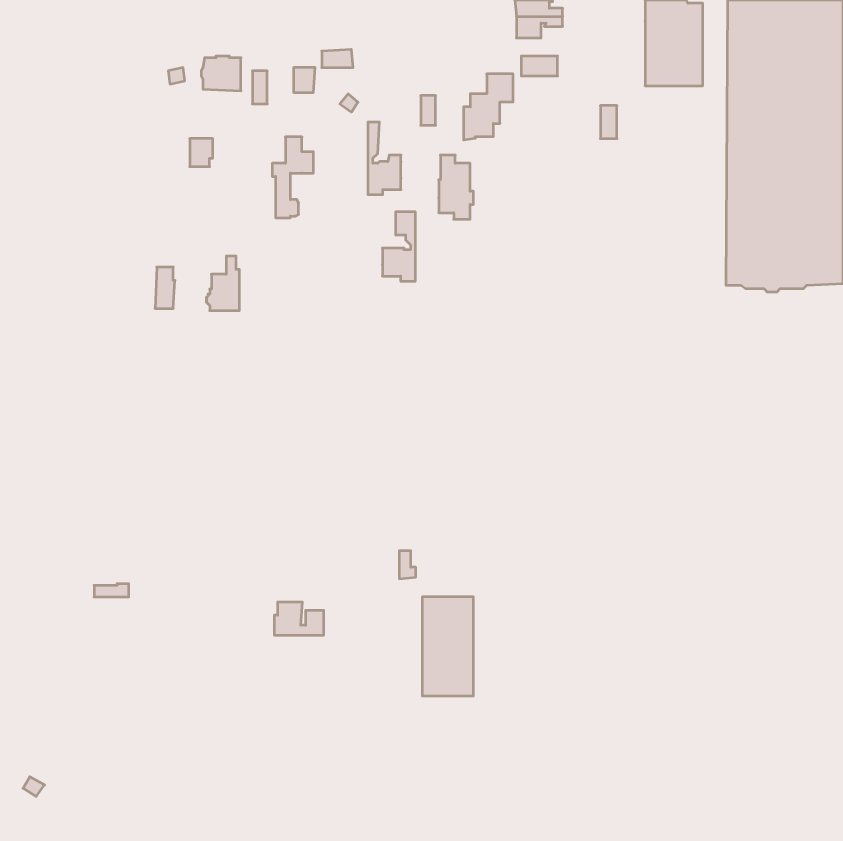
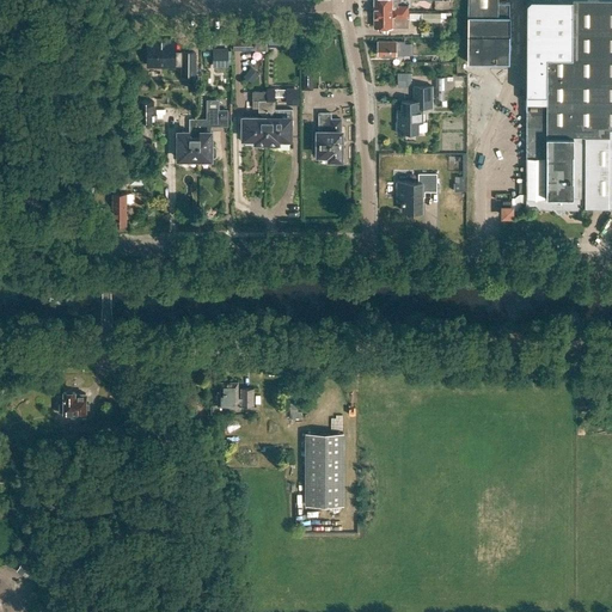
building: [464,74,513,140] -> [397,87,433,135]
building: [382,212,415,281] -> [243,92,267,142]
building: none -> [398,175,436,212]
building: [206,256,239,311] -> [176,120,200,159]
building: none -> [60,392,86,417]
building: [274,602,324,635] -> [218,382,253,406]

